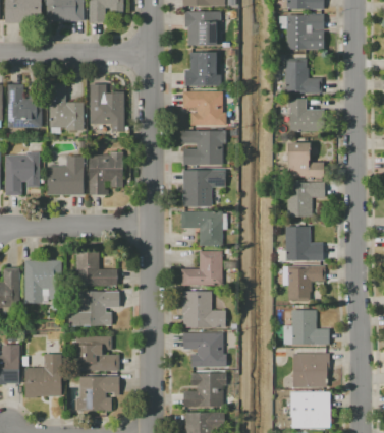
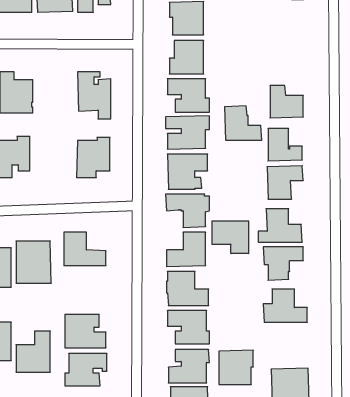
building: [278,14,323,50] -> none
building: [283,58,322,94] -> [225,106,262,140]
building: [48,83,84,133] -> none
building: [47,156,83,195] -> none
building: none -> [212,221,249,254]
building: [68,292,118,326] -> none
building: [292,353,328,388] -> [219,350,253,384]

